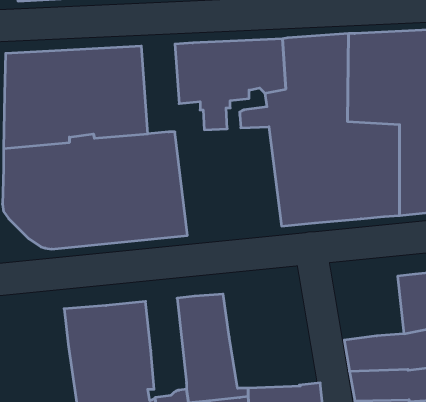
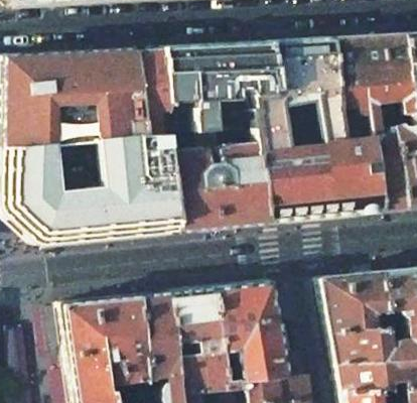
building: none -> [138,45,174,132]
building: none -> [170,125,273,230]
building: none -> [324,269,391,330]
building: none -> [217,280,291,377]
building: none -> [142,290,181,379]

